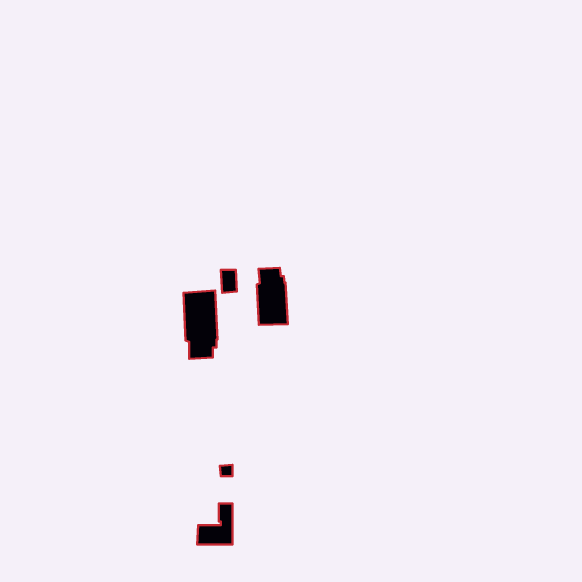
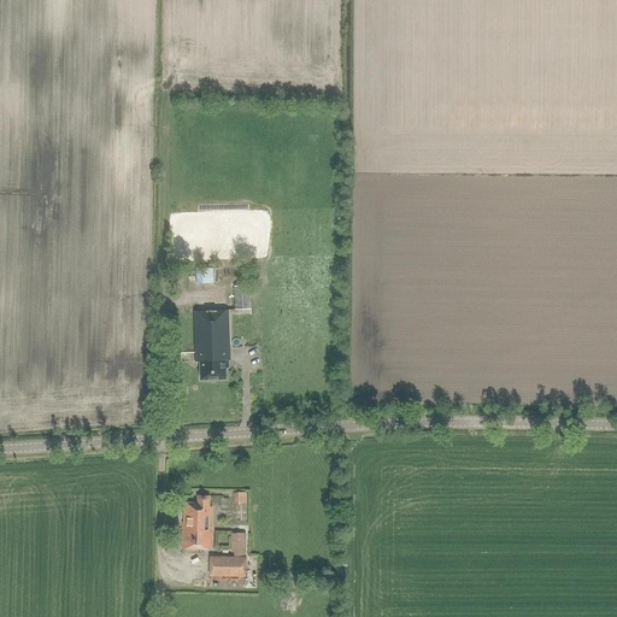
building: [257,268,288,325] -> none
building: none -> [182,495,212,548]

